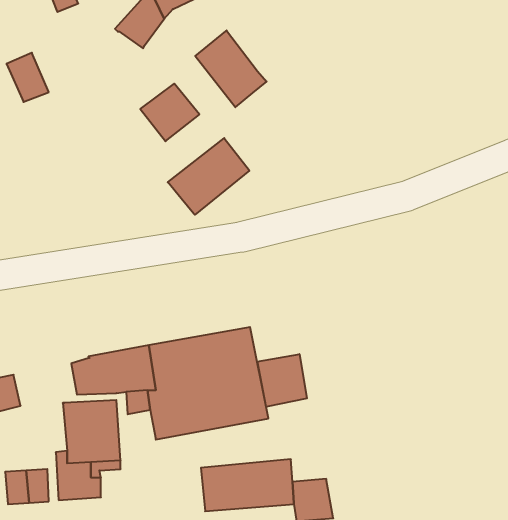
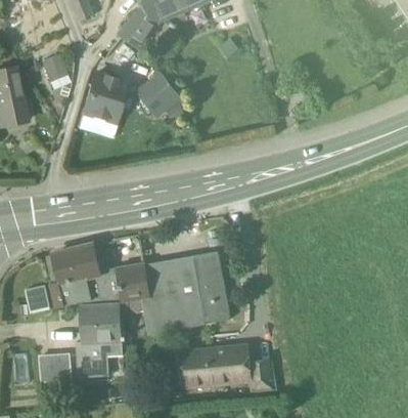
building: [195,30,267,107] -> none
building: none -> [83,73,126,122]
building: [168,138,249,215] -> none
building: none -> [46,244,100,306]
building: [258,354,307,407] -> none

